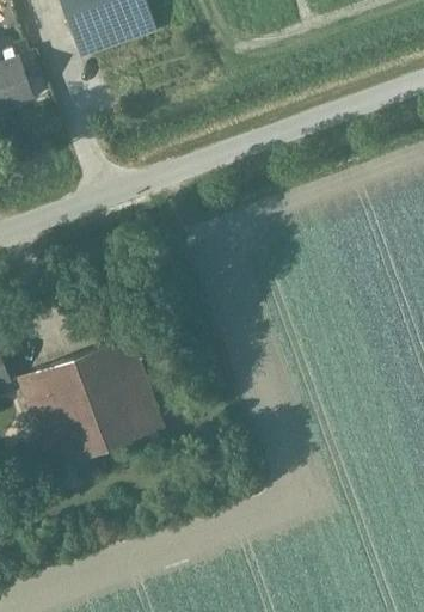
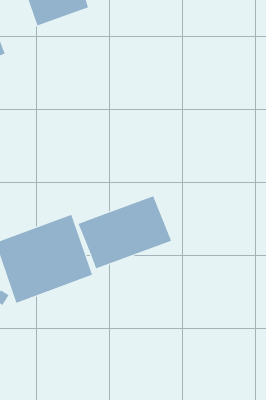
building: none -> [78,196,172,269]

